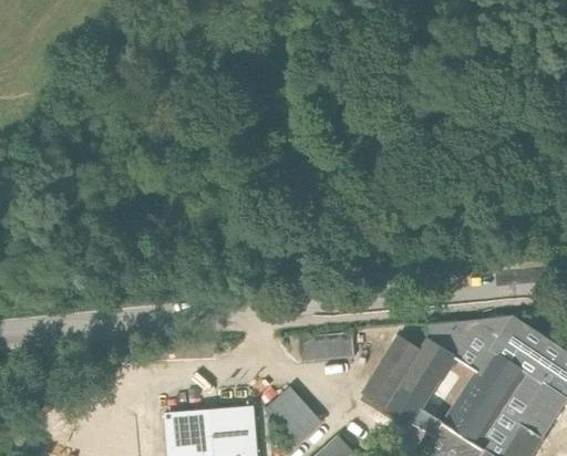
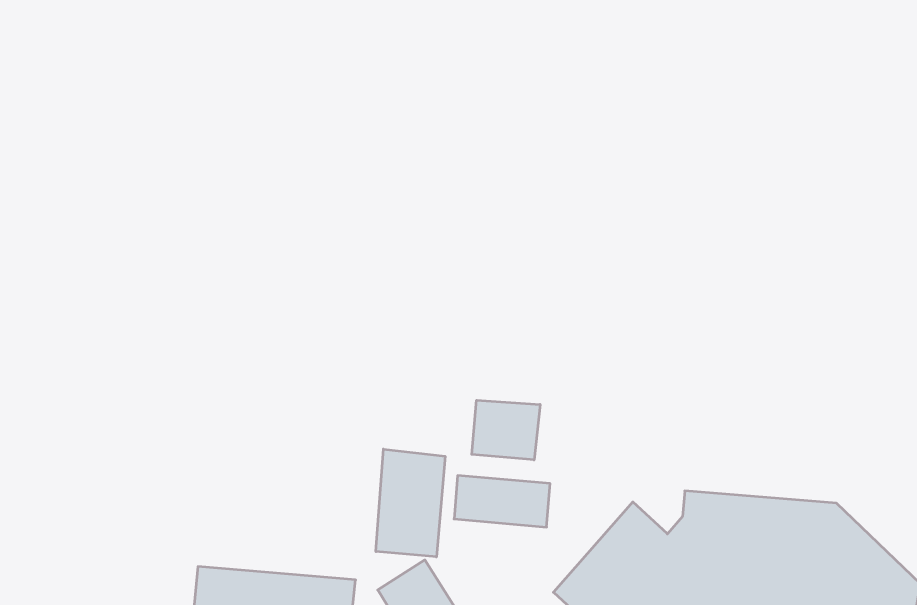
building: none -> [472,400,540,460]
building: none -> [376,449,445,557]

